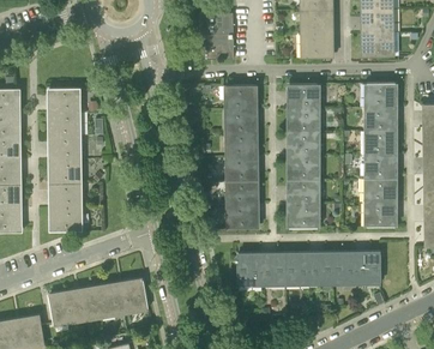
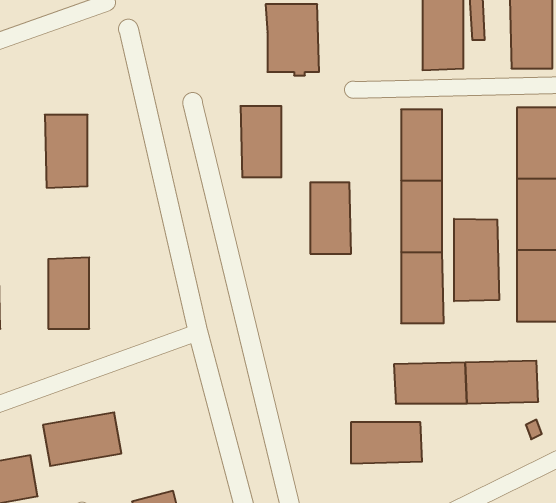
building: [227,85,254,133] -> [240,106,281,177]
building: [50,136,79,185] -> none
building: none -> [454,219,499,301]
building: [228,181,257,229] -> none
building: [237,255,285,283] -> [351,422,422,463]
building: [96,281,147,315] -> none

